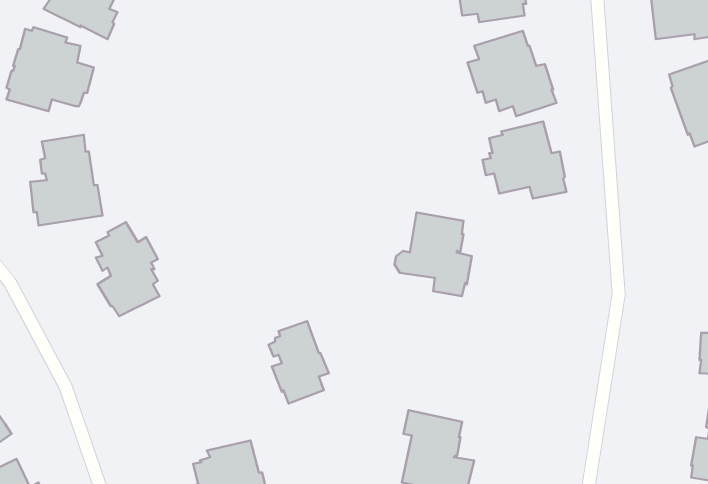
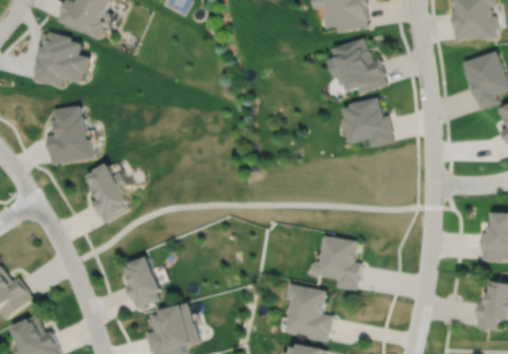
building: [395,212,472,296] -> [312,235,362,290]
building: [268,321,329,403] -> [123,255,162,308]

